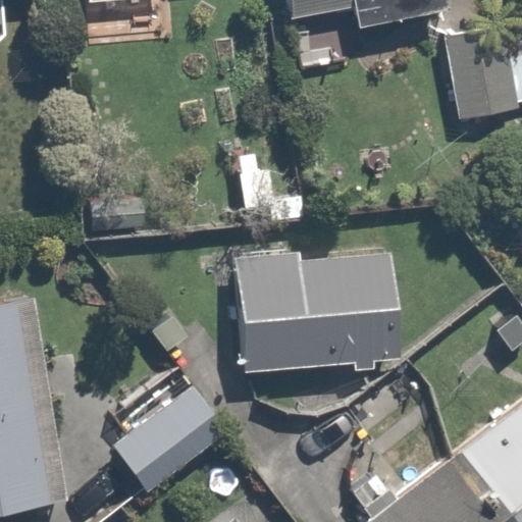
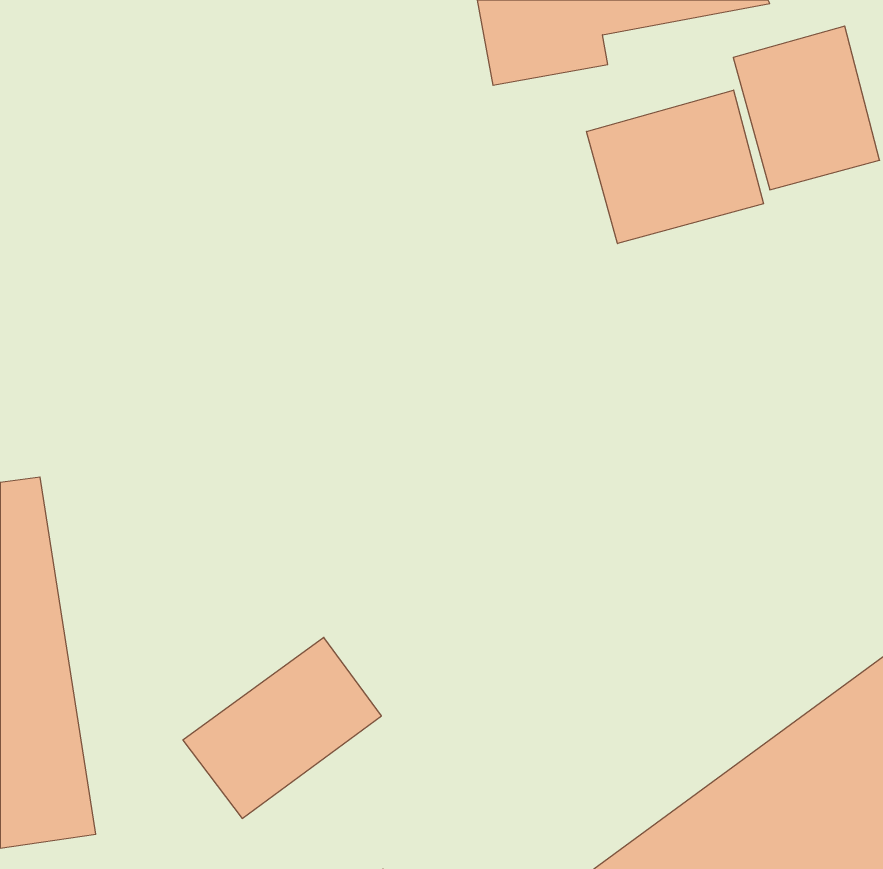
building: none -> [587,90,764,244]
building: [231,237,400,371] -> none

